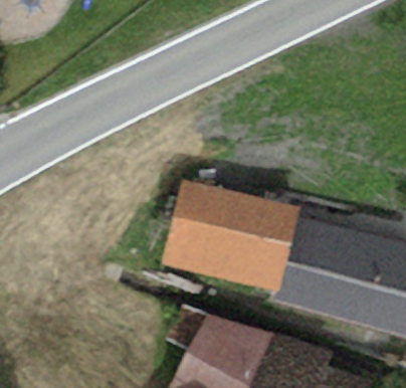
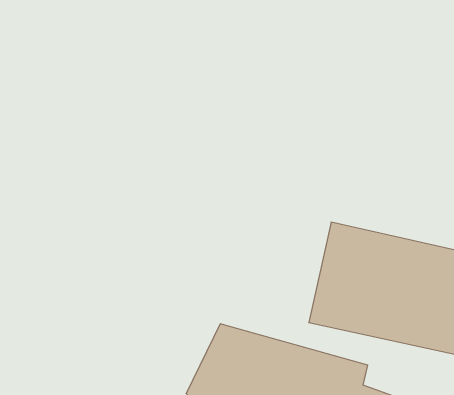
building: [161,188,293,288] -> none

